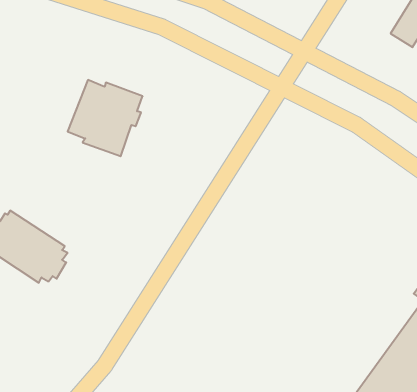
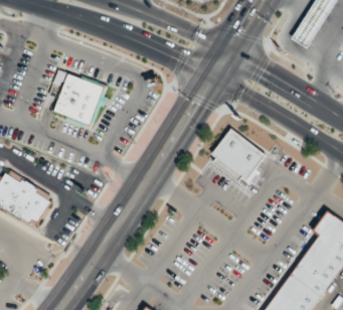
building: none -> [212,128,268,181]

